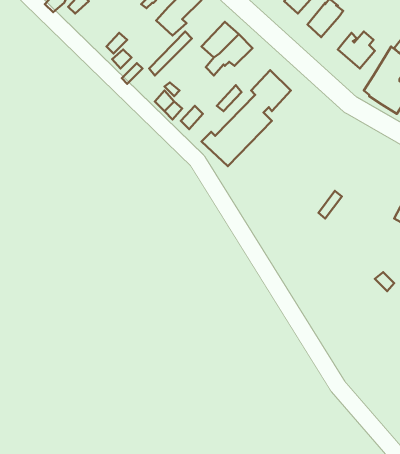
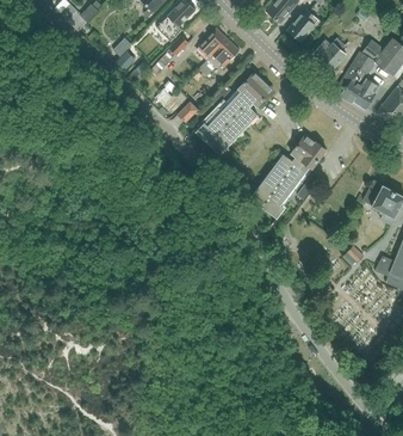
building: none -> [252,135,326,219]

